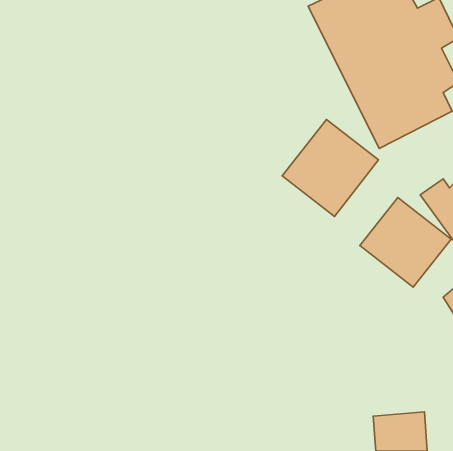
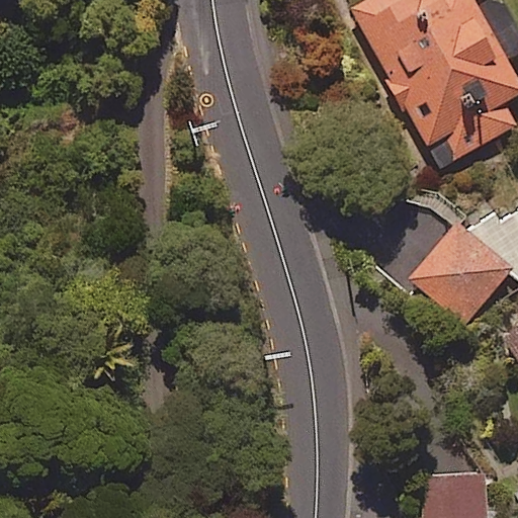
building: [282,119,379,216] -> none

